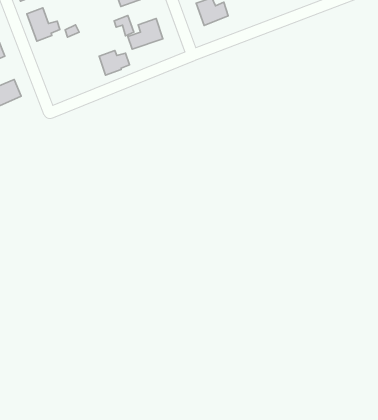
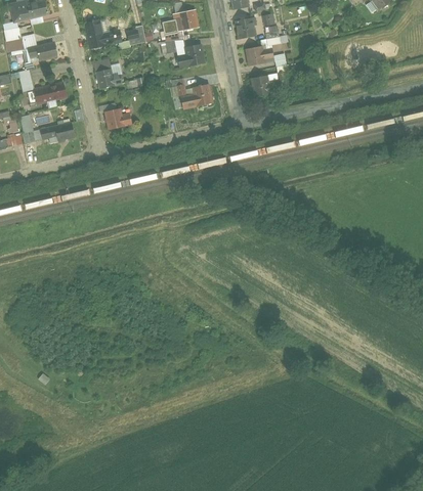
building: [99,50,129,75] -> [103,107,130,129]

